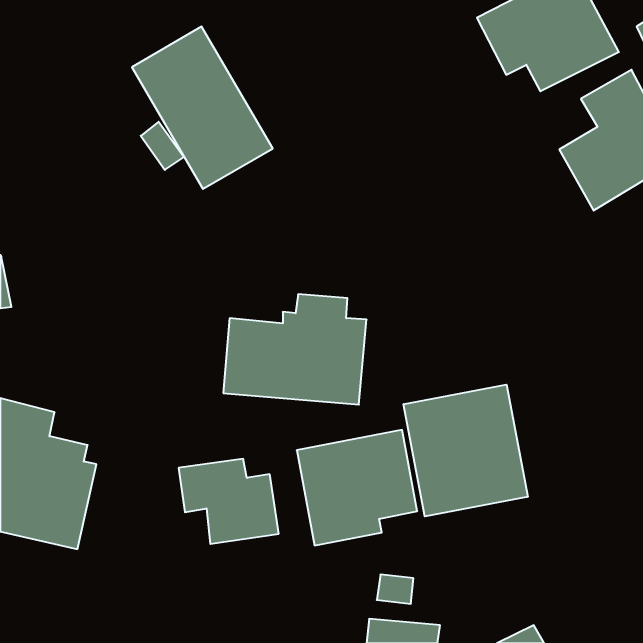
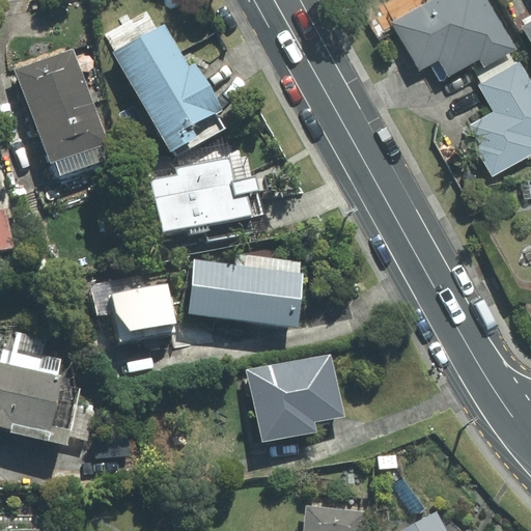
building: none -> [15,52,106,175]
building: none -> [152,150,260,232]
building: [404,385,528,516] -> none
building: [179,459,279,544] -> [91,273,173,342]

